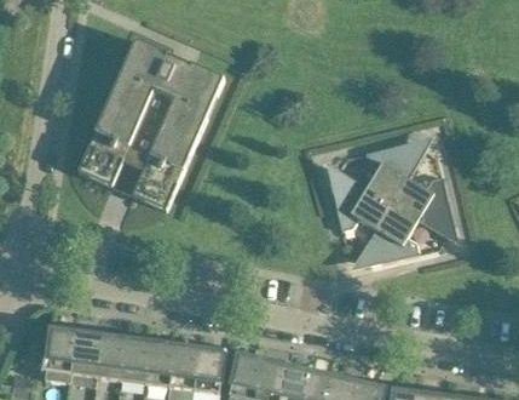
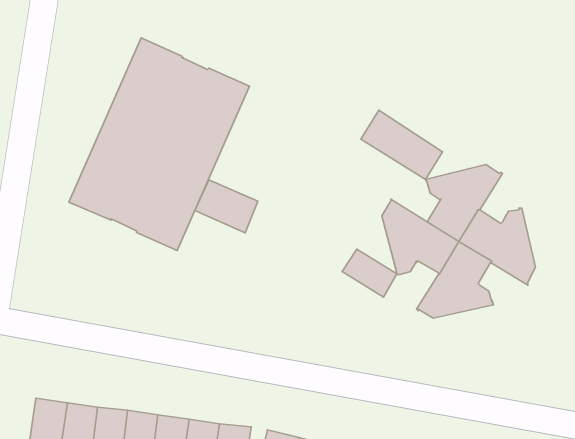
building: none -> [361,110,443,180]
building: none -> [195,180,258,233]
building: none -> [342,249,397,297]

